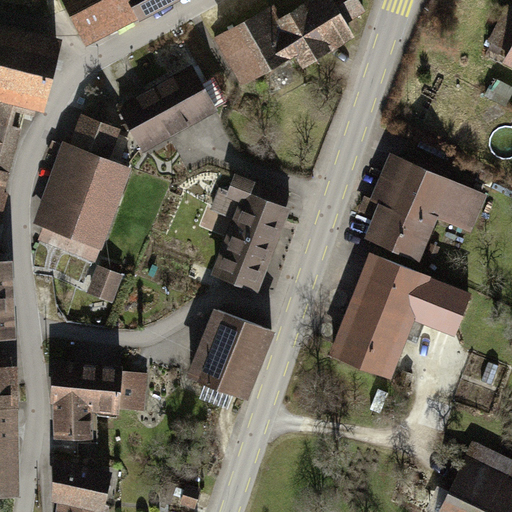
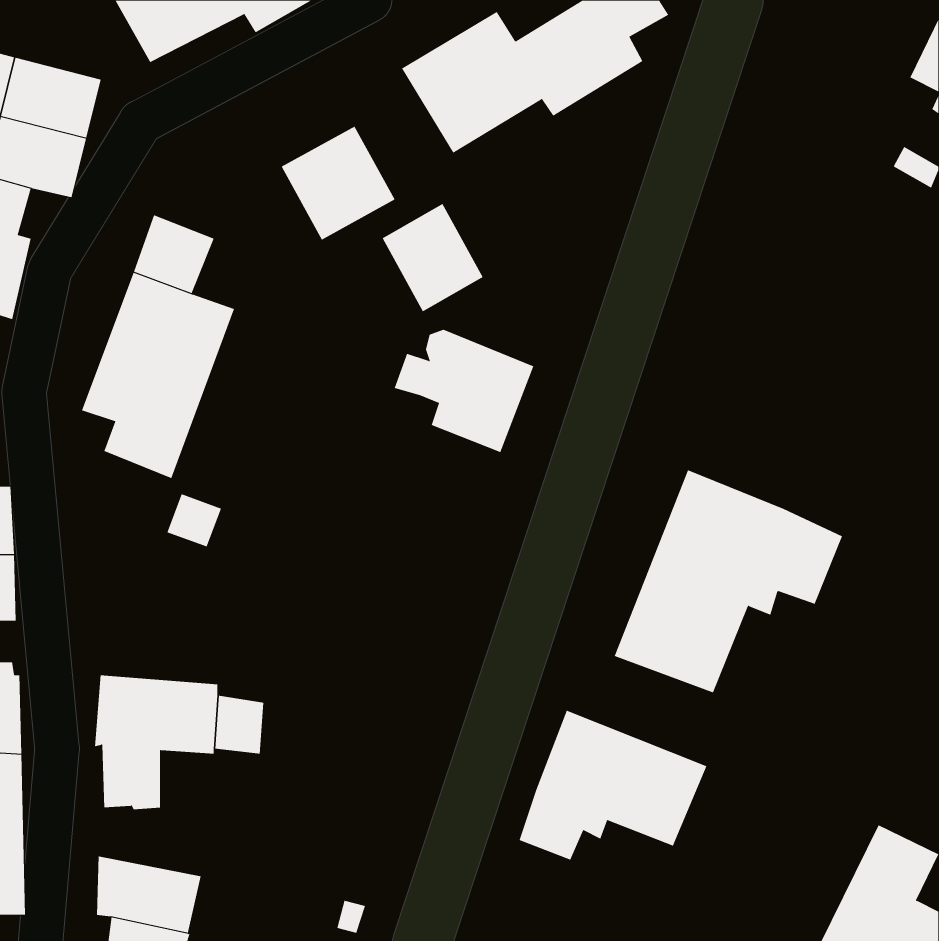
building: [119,92,174,151] -> [382,203,484,312]
building: [360,162,481,260] -> none
building: [193,232,271,293] -> none
building: [190,311,270,400] -> none
building: none -> [519,710,707,860]

